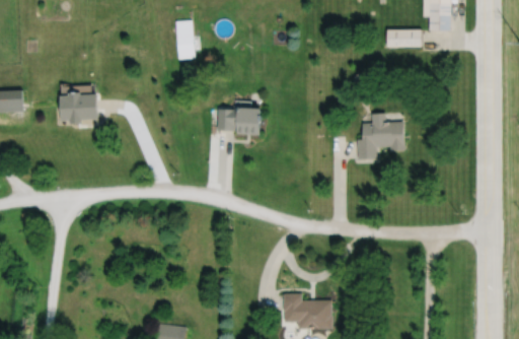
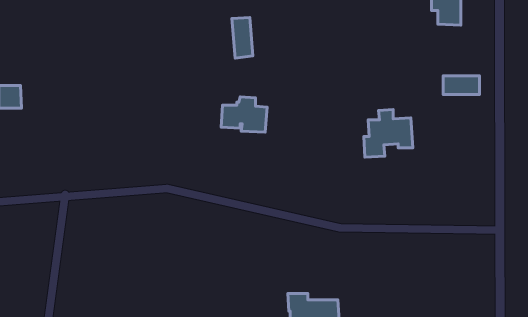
building: [175,20,196,60] -> [232,17,253,58]
building: [386,29,422,48] -> [443,76,480,95]
building: [60,93,98,125] -> none

